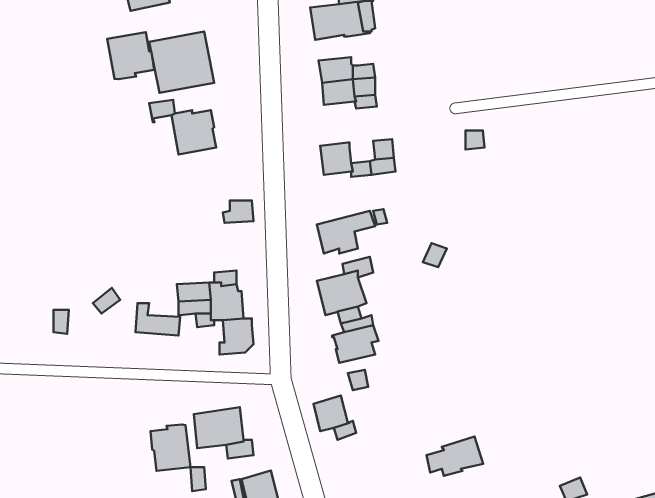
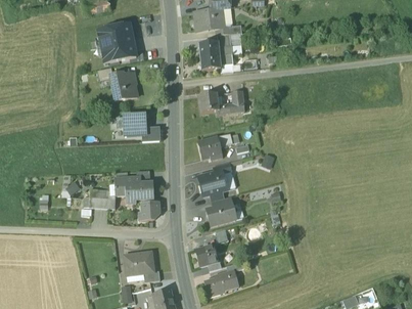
building: [107,32,154,79] -> none
building: none -> [124,114,145,134]
building: [151,424,190,471] -> none
building: [427,437,483,476] -> [204,269,238,293]

